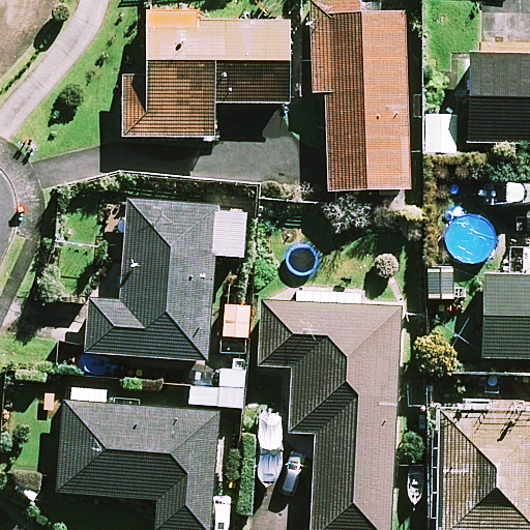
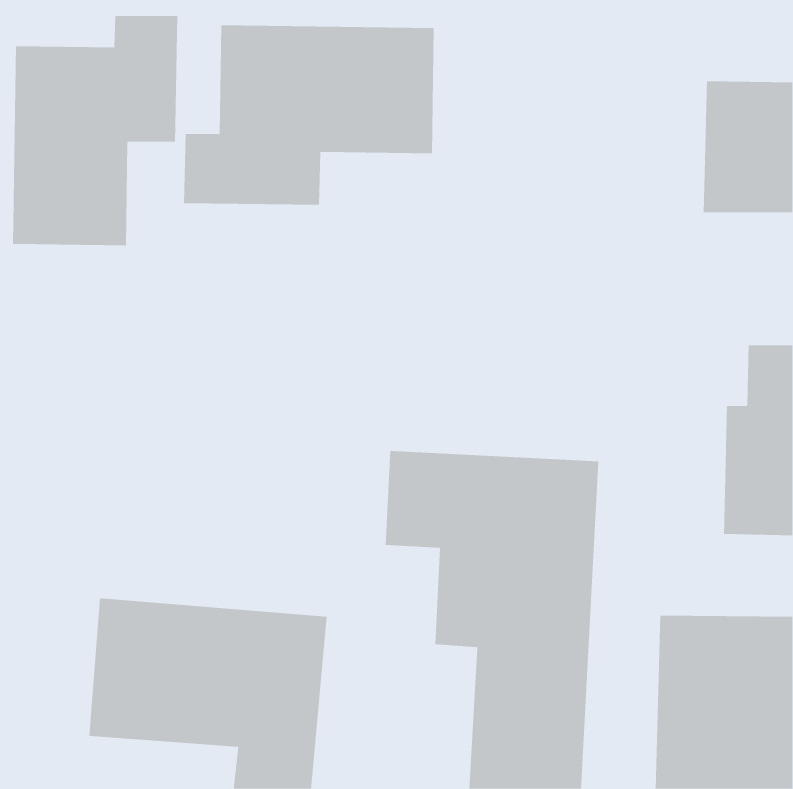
building: none -> [13,15,178,246]
building: [314,13,407,190] -> none
building: [82,197,245,360] -> none

